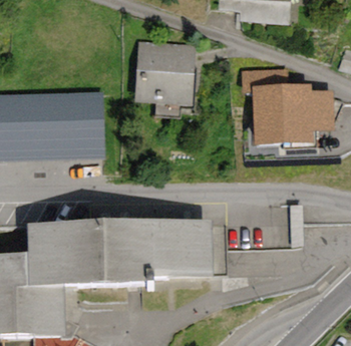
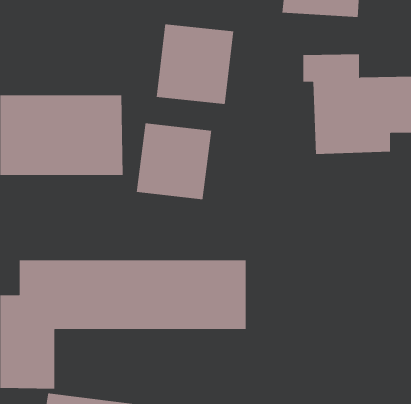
building: none -> [136,122,212,200]

